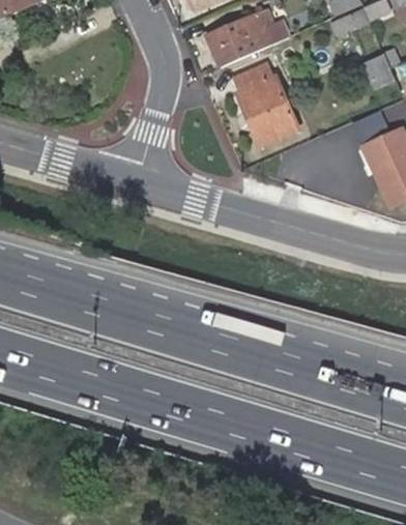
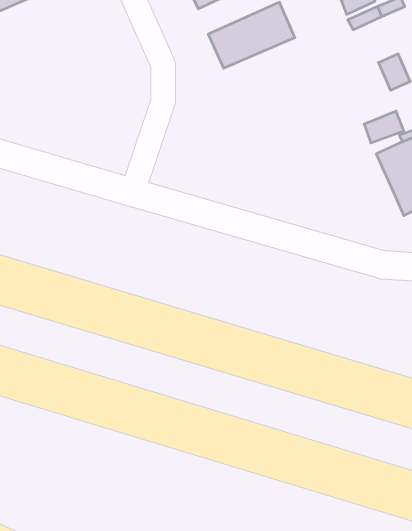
building: [234,63,295,143] -> none

